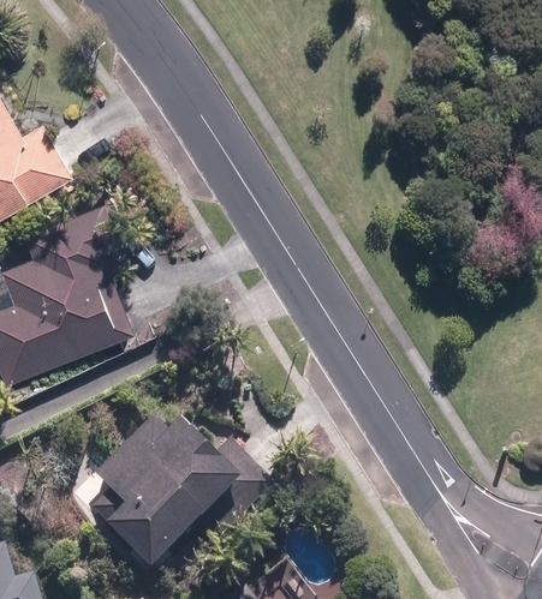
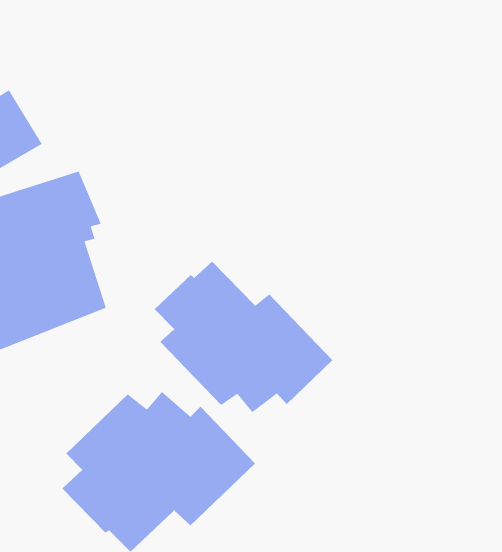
building: none -> [154,261,333,413]

